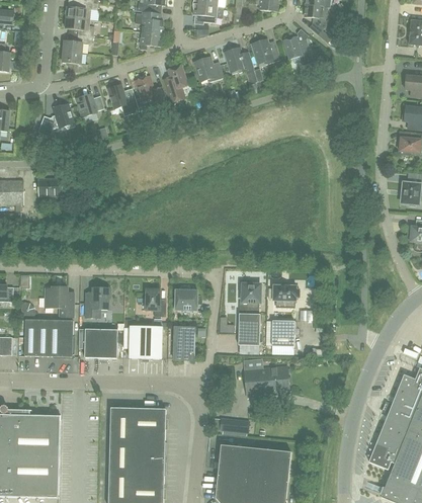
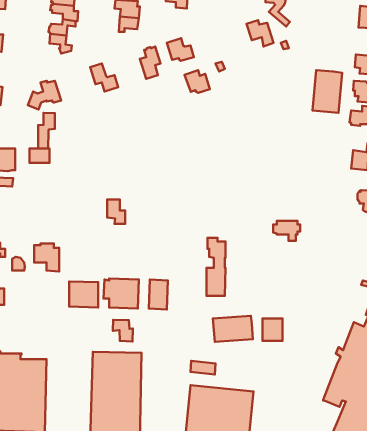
building: [251,38,279,64] -> none
building: [224,47,252,72] -> [184,70,210,93]
building: [135,75,165,102] -> none
building: none -> [312,70,342,113]
building: [76,93,104,115] -> none
building: none -> [38,113,55,148]
building: [268,284,299,307] -> [273,221,300,241]
building: [85,285,111,317] -> none
building: [145,288,165,316] -> [107,200,125,224]
building: [174,288,196,310] -> none
building: [23,318,73,356] -> none
building: [271,320,293,345] -> [263,318,282,341]
building: none -> [113,320,133,341]

